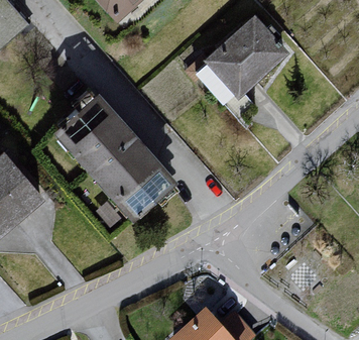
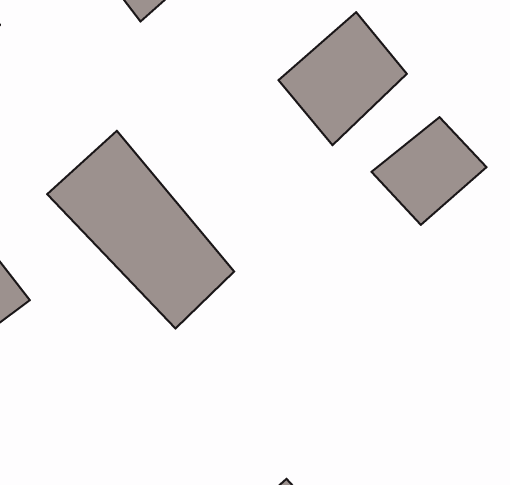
building: none -> [371,117,487,225]

